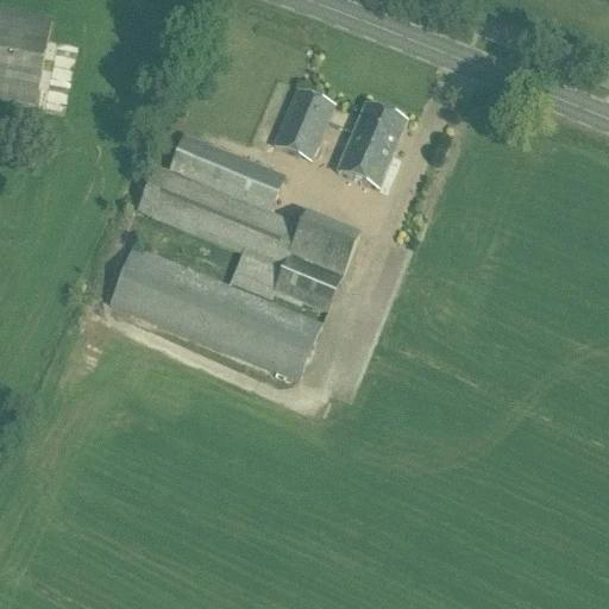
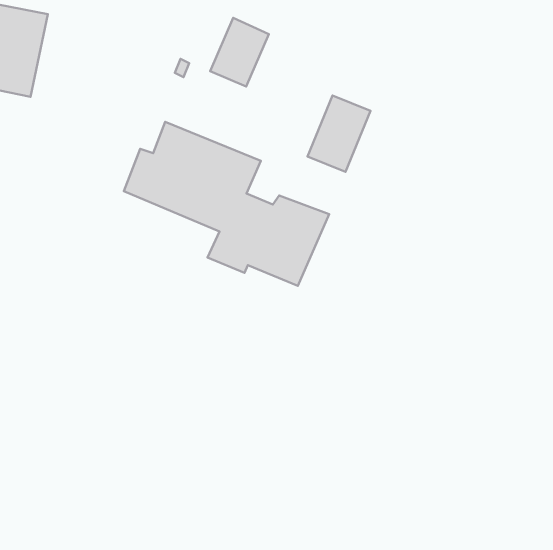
building: [271,87,335,162] -> [210,18,269,86]
building: [108,245,321,381] -> none

